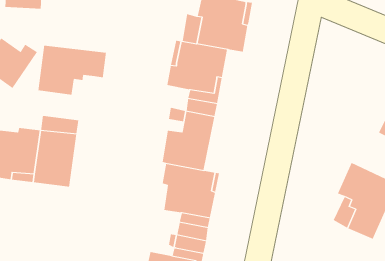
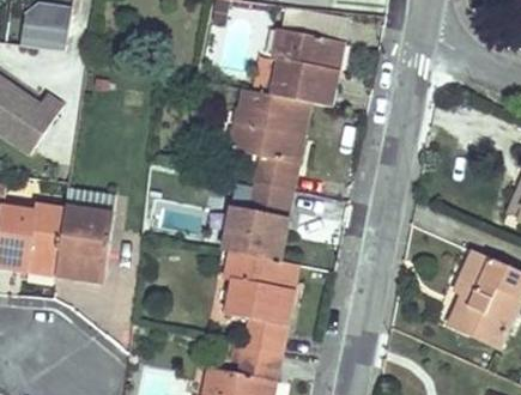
building: [38,45,107,96] -> none

